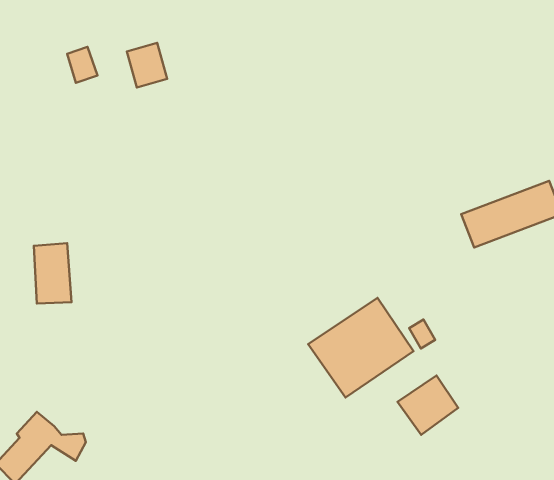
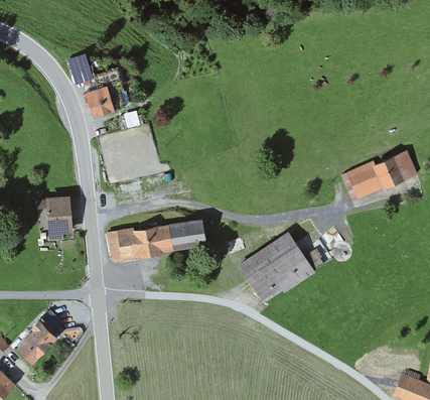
building: [127,43,167,88] -> [86,90,114,121]
building: none -> [107,217,208,261]
building: [398,375,458,435] -> none

